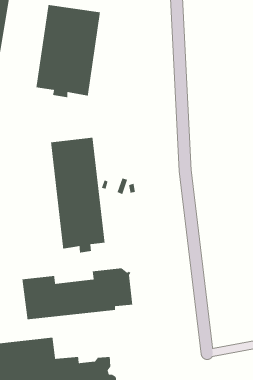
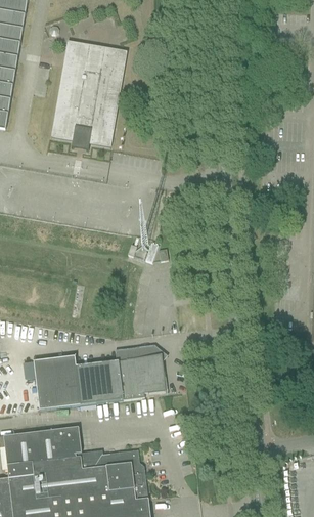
building: [50,137,105,253] -> none

